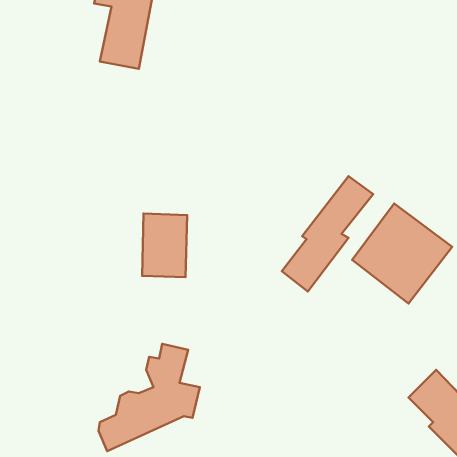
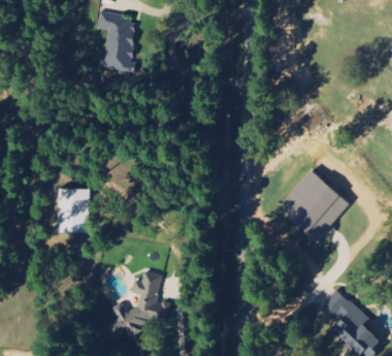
building: [282,176,373,292] -> none
building: [142,214,187,277] -> [57,187,89,232]

